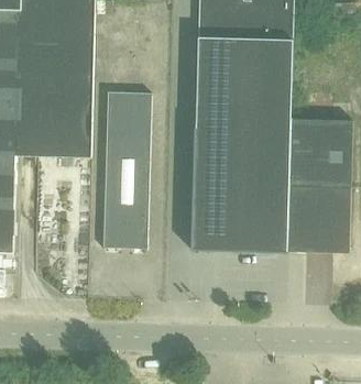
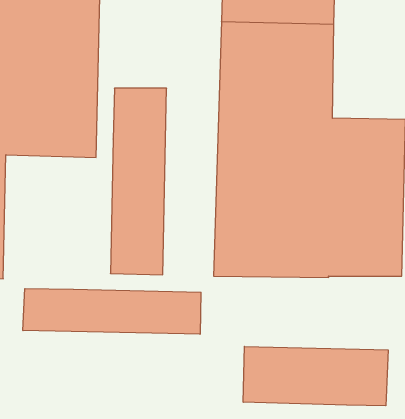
building: none -> [23,289,201,334]
building: none -> [243,346,388,406]

